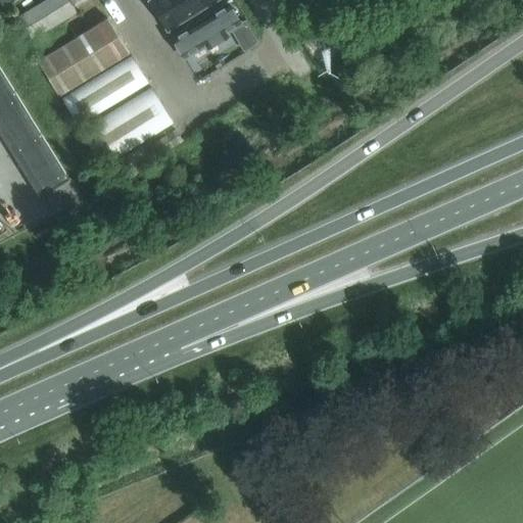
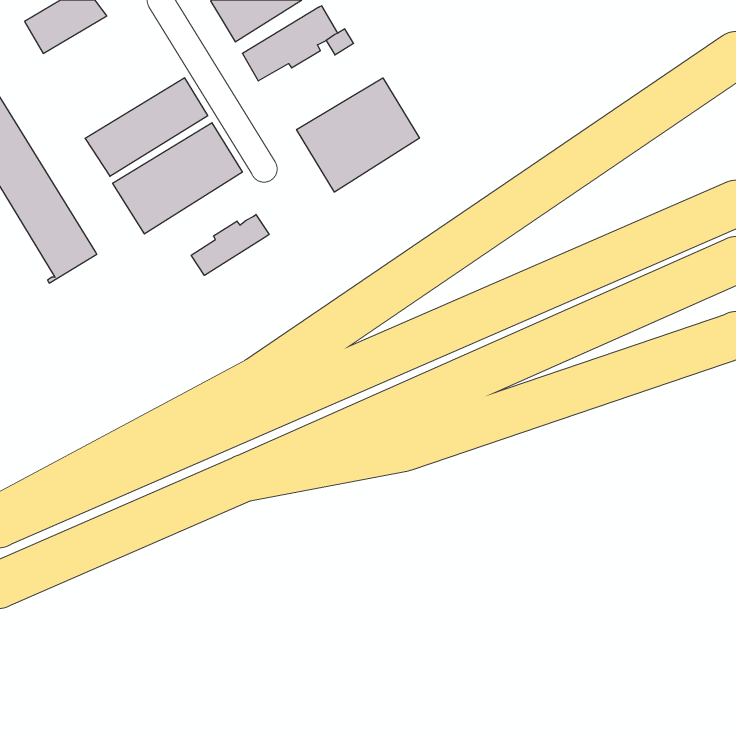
building: [37,17,128,96] -> none
building: none -> [297,78,420,192]
building: none -> [191,214,269,275]

